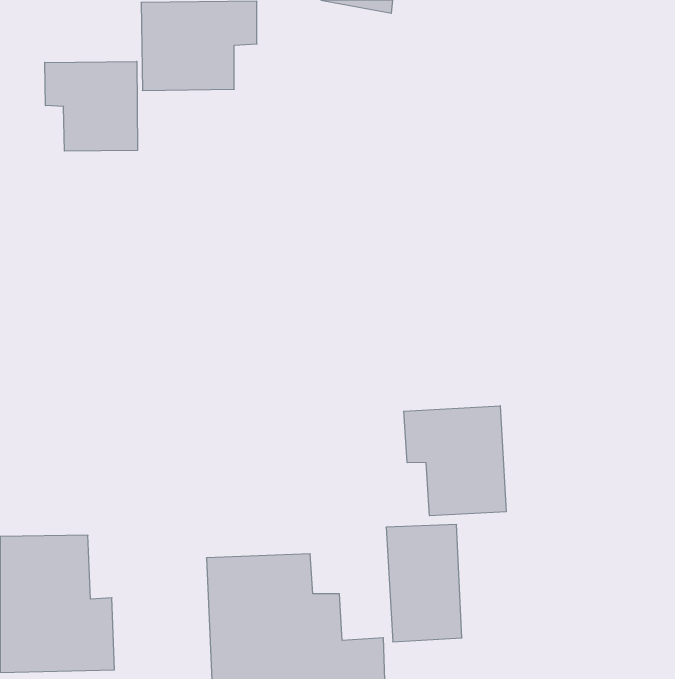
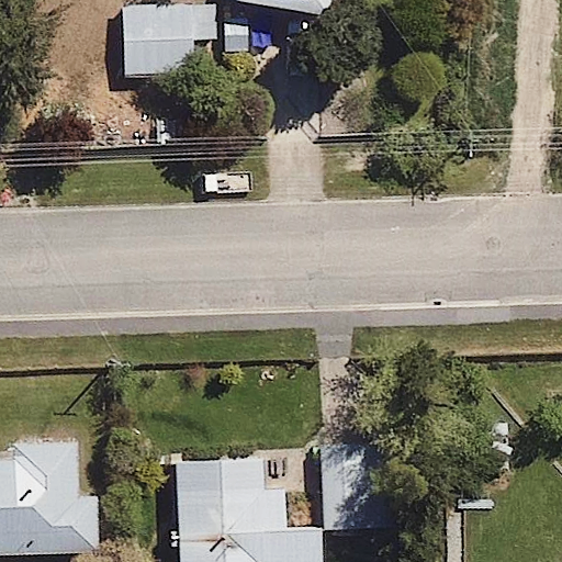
building: [45,61,138,151] -> none
building: [404,406,506,516] -> none

